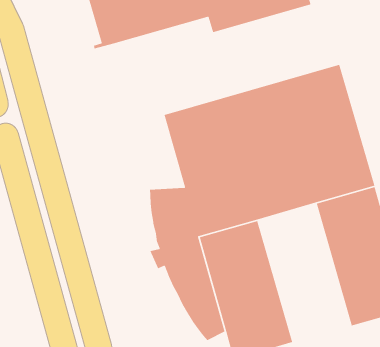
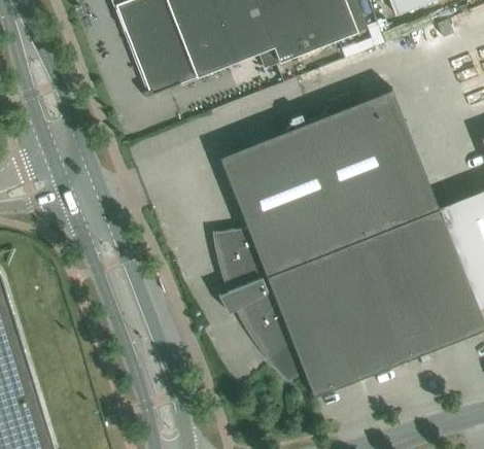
building: none -> [324,231,428,373]

